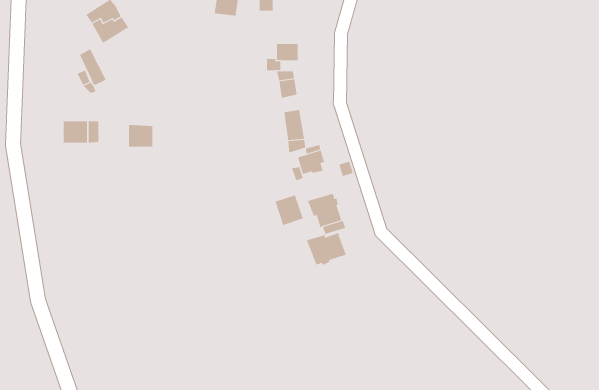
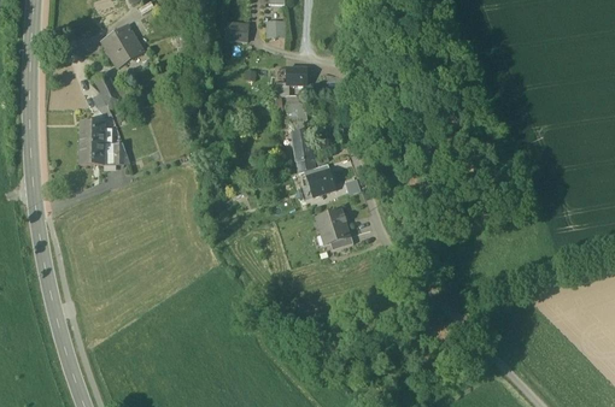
building: [128,125,153,147] -> [77,120,101,142]
building: [275,194,303,226] -> none
building: [306,232,346,266] -> none

